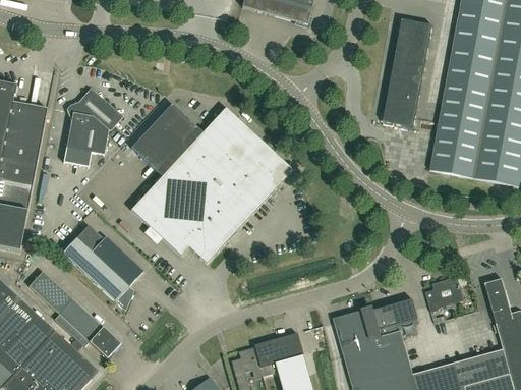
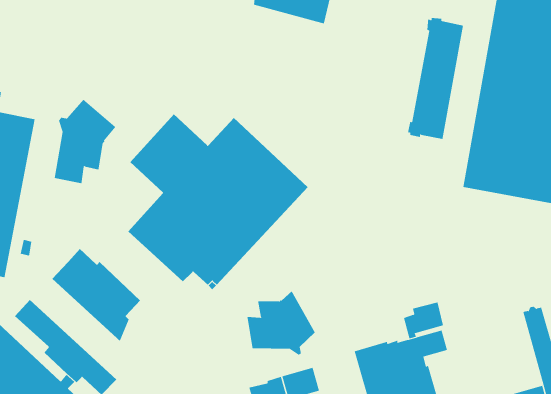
building: none -> [247,290,315,355]
building: [426,277,463,311] -> [403,302,444,339]

